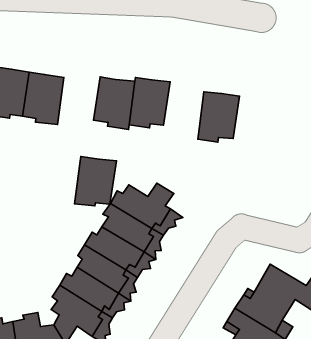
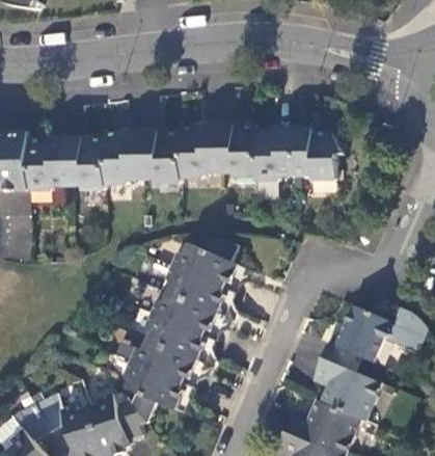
building: none -> [215,127,253,178]
building: none -> [291,131,332,182]
building: [75,157,116,206] -> [102,133,140,185]

